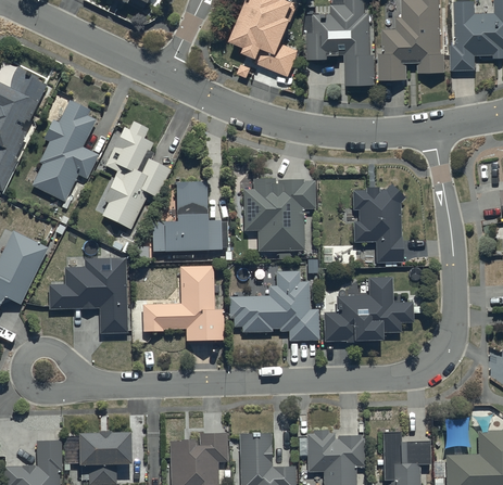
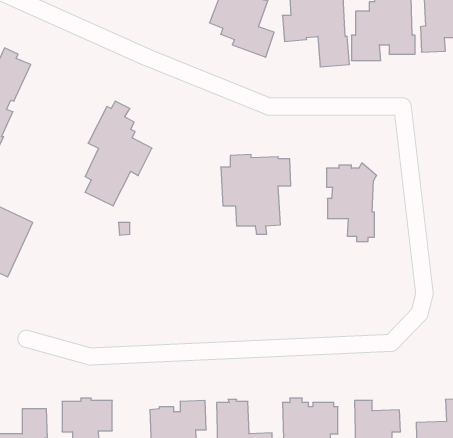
building: [30,100,98,202] -> none
building: [151,181,227,252] -> none
building: [49,258,126,333] -> none
building: [141,266,223,341] -> none
building: [228,271,318,340] -> none
building: [323,277,413,343] -> none

